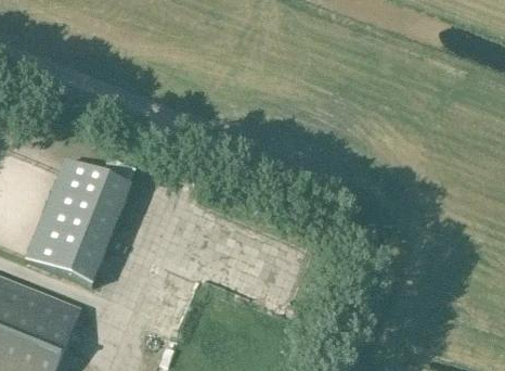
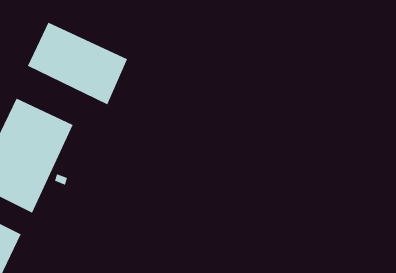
building: none -> [27,22,128,105]

